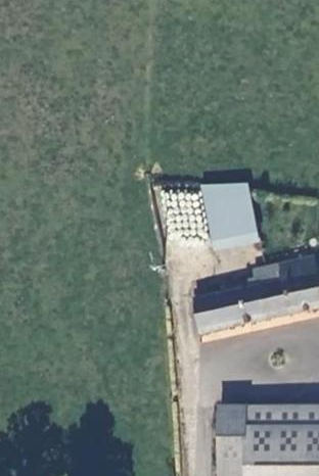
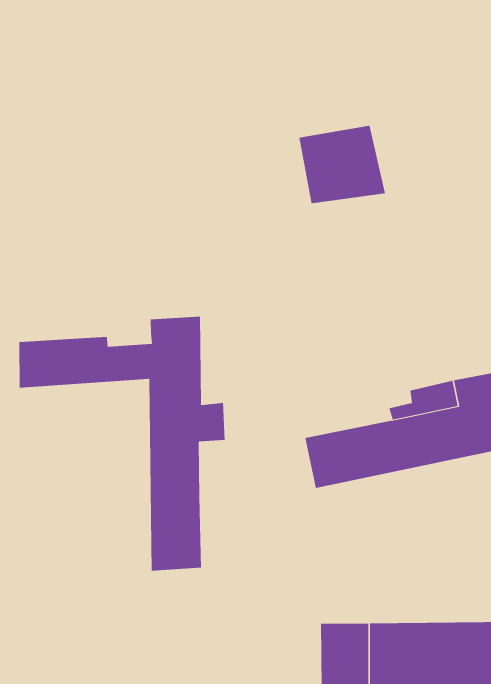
building: [207,190,258,236] -> [299,125,386,204]
building: none -> [19,316,225,571]

